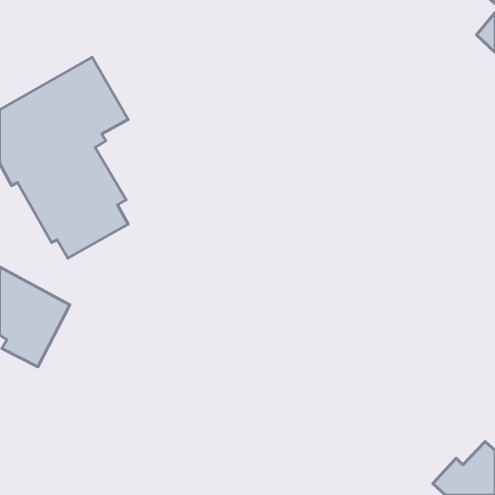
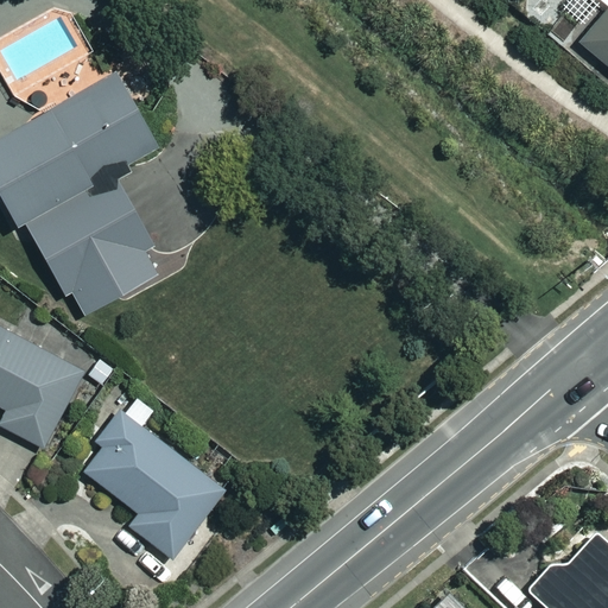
building: none -> [87,395,226,558]

